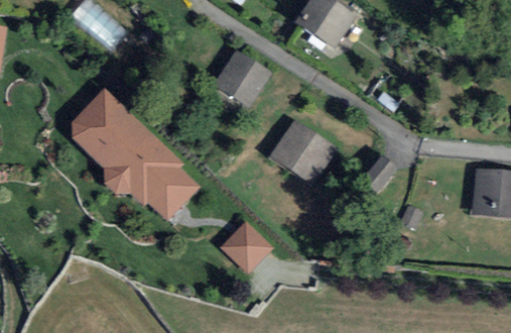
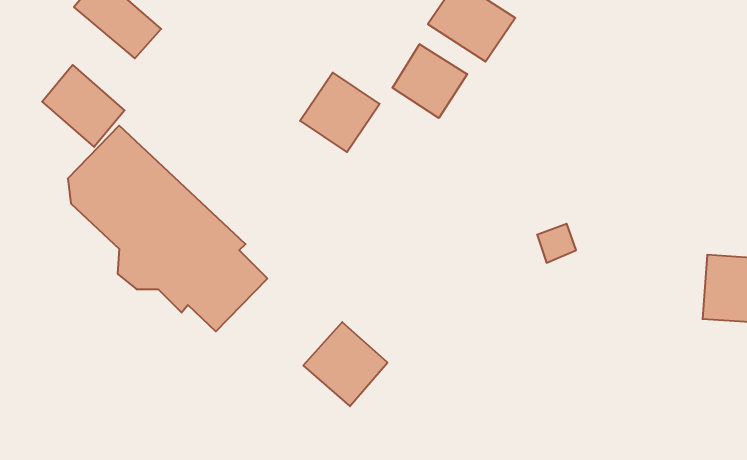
building: none -> [392,44,467,118]
building: none -> [42,65,125,147]
building: [275,125,334,182] -> none

